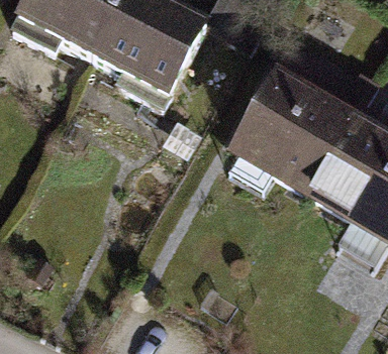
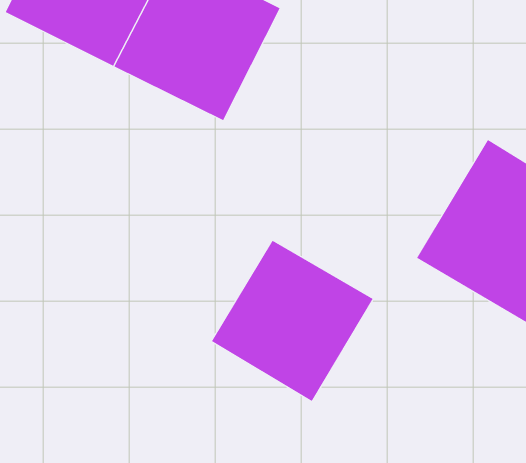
building: [227,69,357,199] -> none
building: none -> [211,240,374,402]

